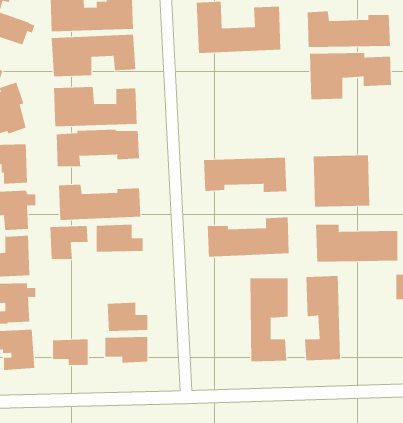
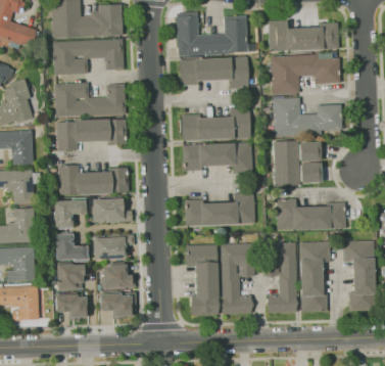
building: none -> [178,57,247,88]
building: none -> [272,97,341,134]
building: none -> [180,107,249,140]
building: none -> [54,233,87,260]
building: none -> [92,236,133,259]
building: none -> [298,241,329,312]
building: none -> [184,244,218,315]
building: none -> [55,264,82,289]

